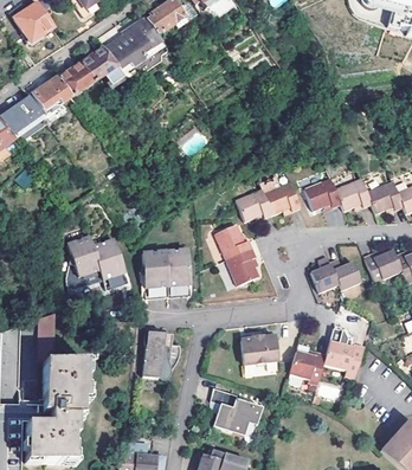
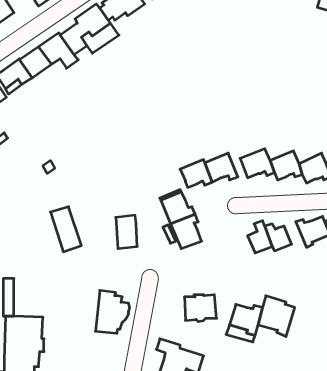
building: [69,234,104,289] -> none
building: [141,251,168,286] -> none

